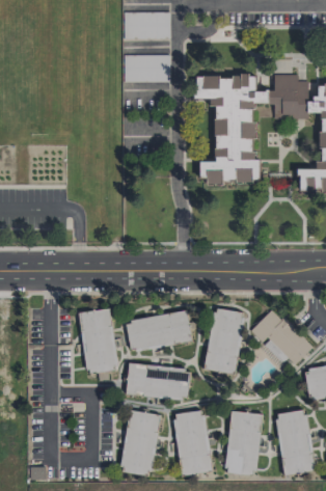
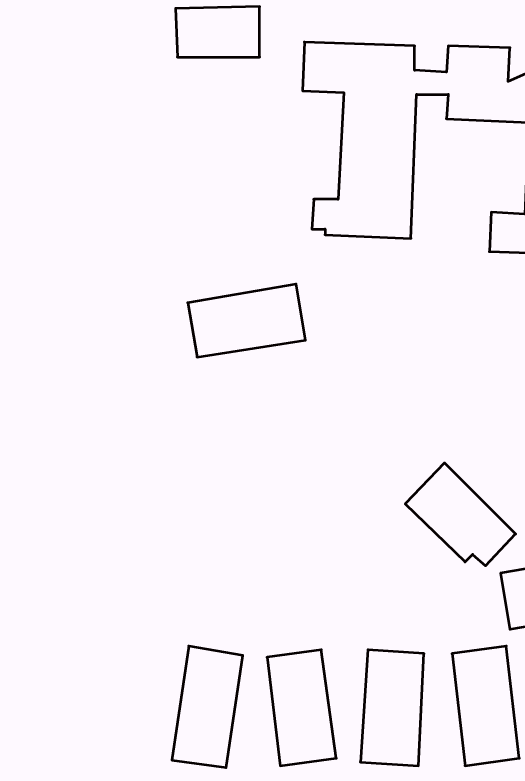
building: [205,307,244,374] -> none
building: [79,308,117,373] -> none
building: [127,310,192,351] -> [188,284,305,357]
building: [126,364,190,399] -> none

